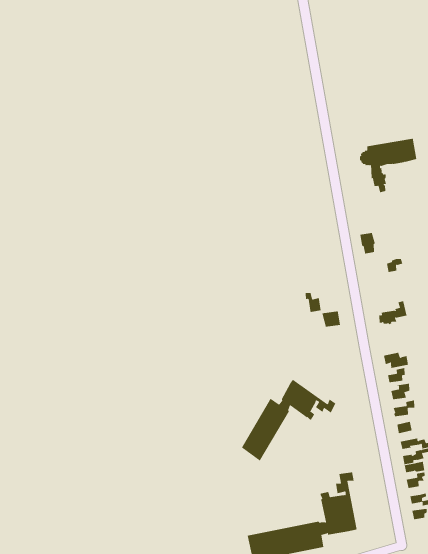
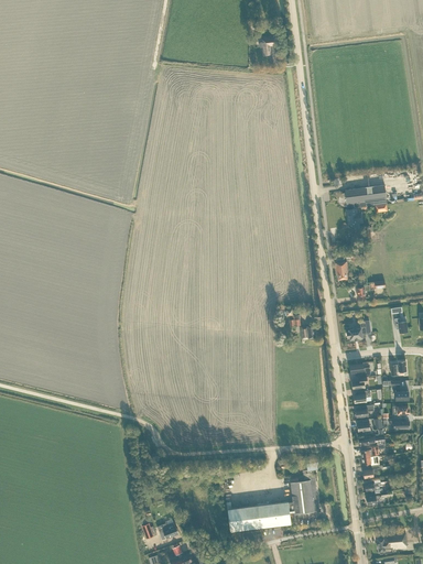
building: [241,379,336,461] -> none

